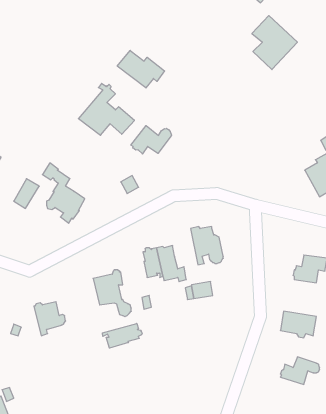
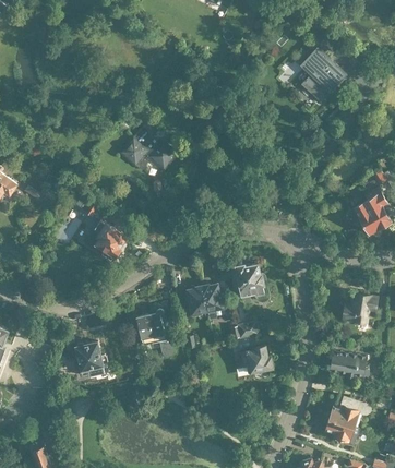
building: [117,50,165,88] -> none
building: [131,126,171,154] -> none
building: none -> [236,346,272,379]
building: [102,323,142,348] -> none
building: none -> [325,420,359,447]

